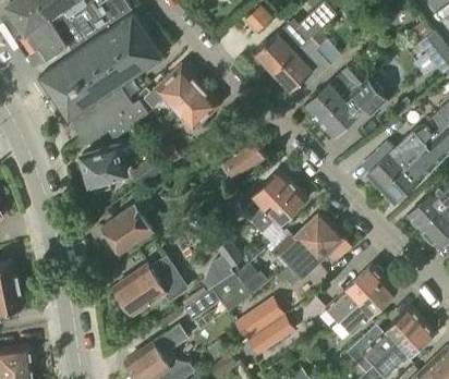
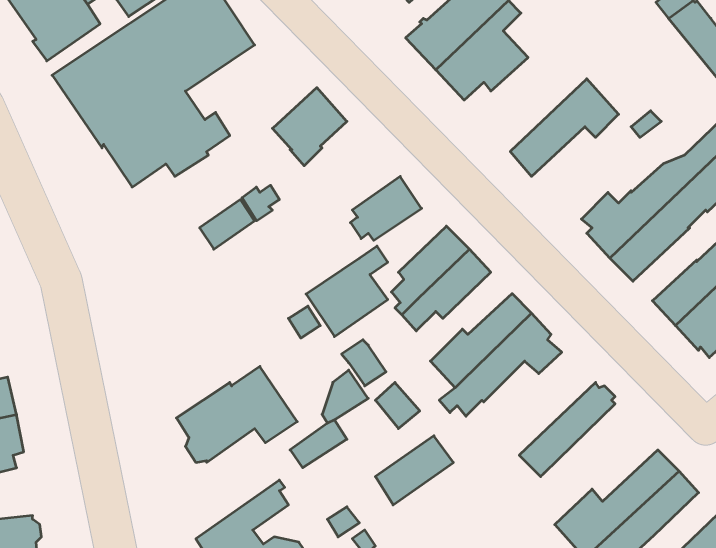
building: [304,64,366,124] -> none
building: [144,65,201,110] -> none
building: [82,143,132,194] -> none
building: [101,198,151,254] -> [306,246,388,337]
building: [211,274,250,313] -> none
building: [340,279,397,334] -> none
building: [247,315,294,356] -> none

